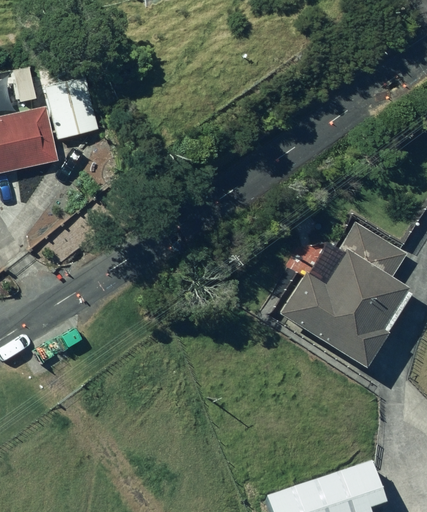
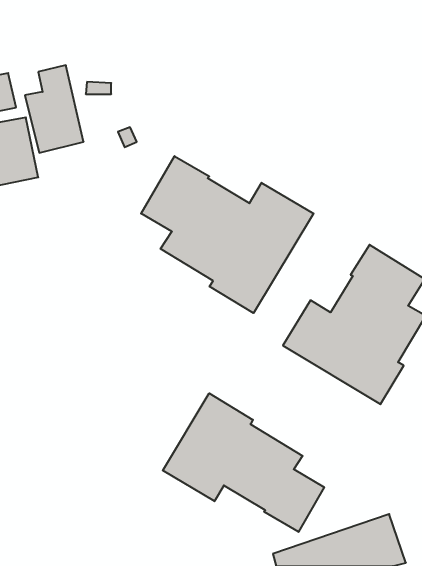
building: none -> [141,156,314,313]
building: none -> [163,393,324,532]

